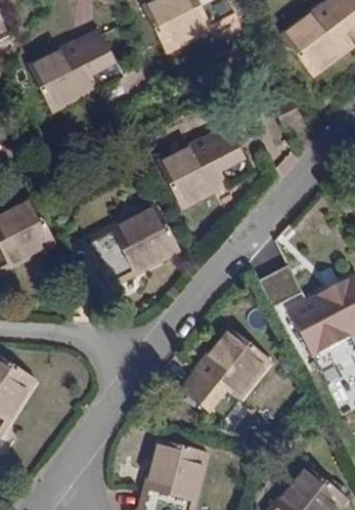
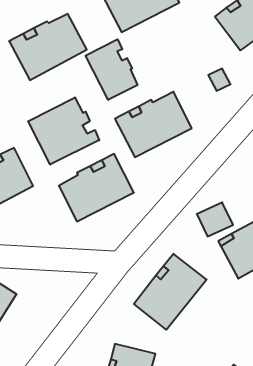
building: none -> [86,39,137,100]
building: none -> [28,97,99,165]

